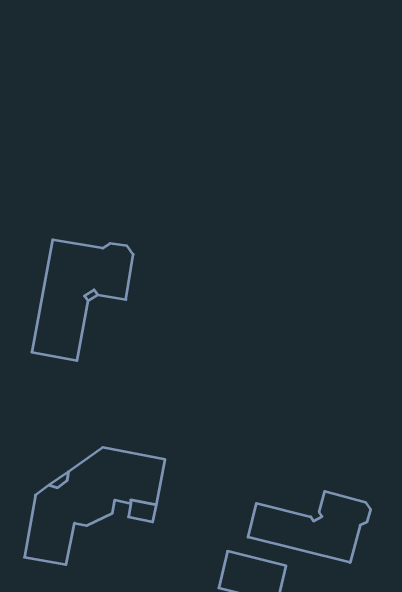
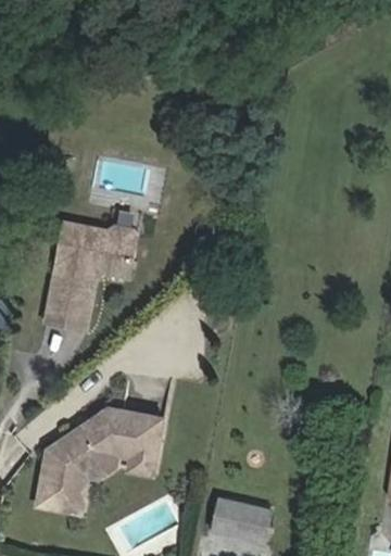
building: [248,491,371,563] -> none

